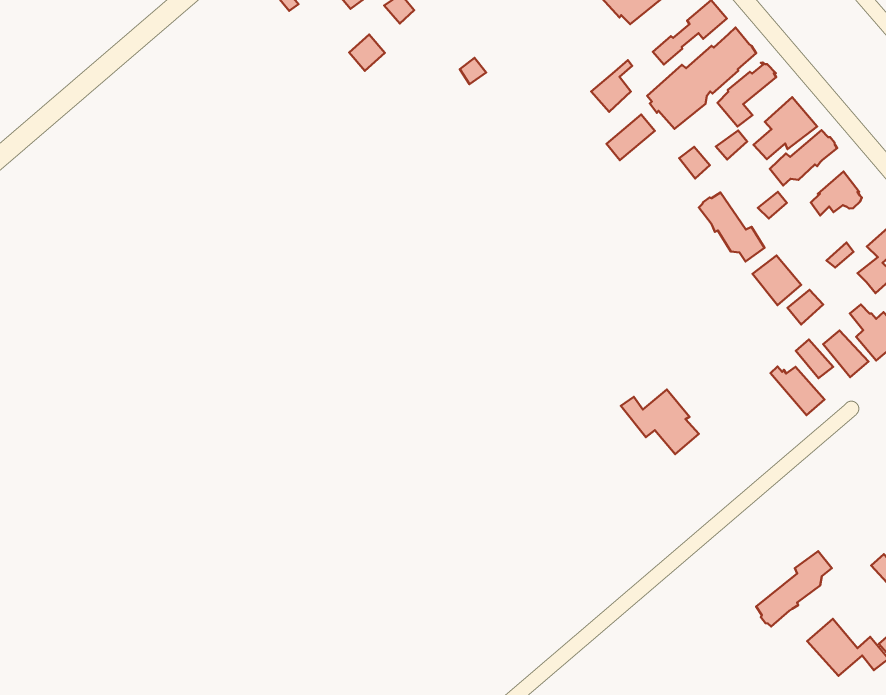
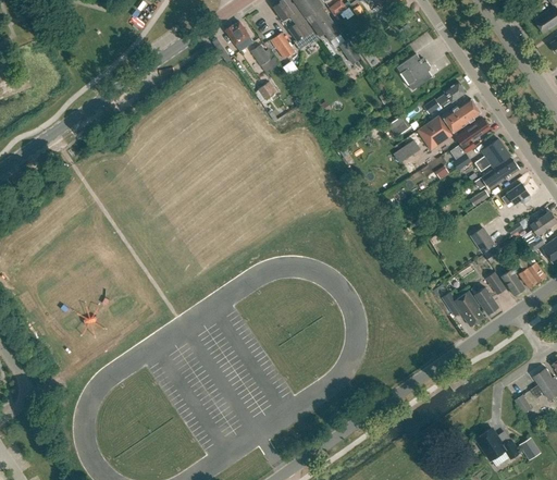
building: [699,192,764,262] -> none
building: [621,389,699,454] -> [444,291,485,327]
building: [756,551,832,627] -> none

